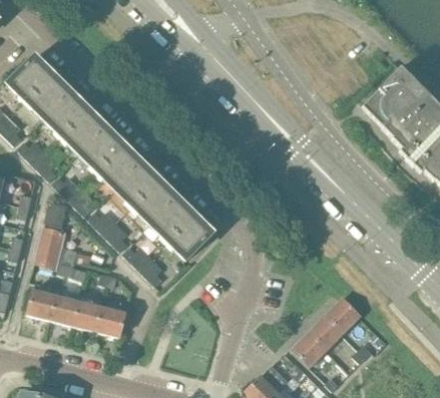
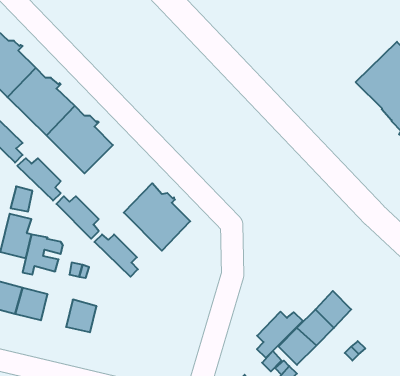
building: [113,163,175,226] -> none
building: [73,301,102,331] -> none
building: none -> [257,312,303,358]

